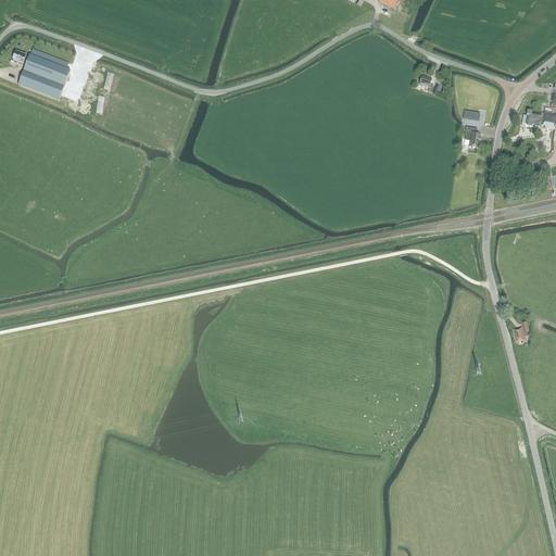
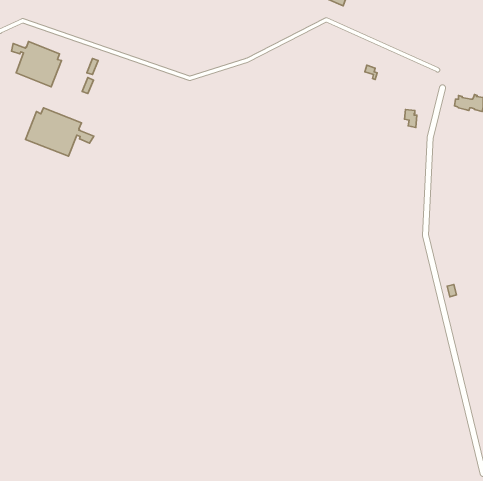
building: none -> [25,108,94,156]

